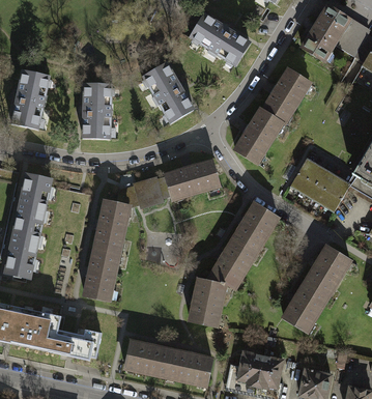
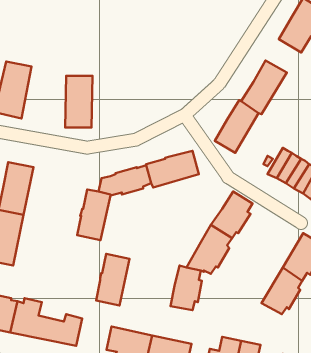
building: [191,15,250,65] -> none
building: [144,62,194,123] -> none
building: [85,248,119,301] -> [96,254,130,306]

